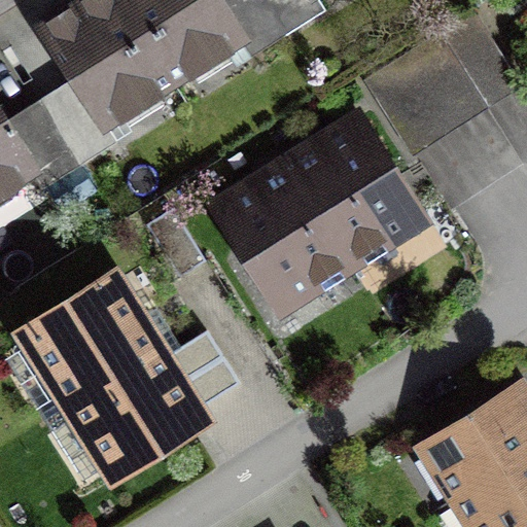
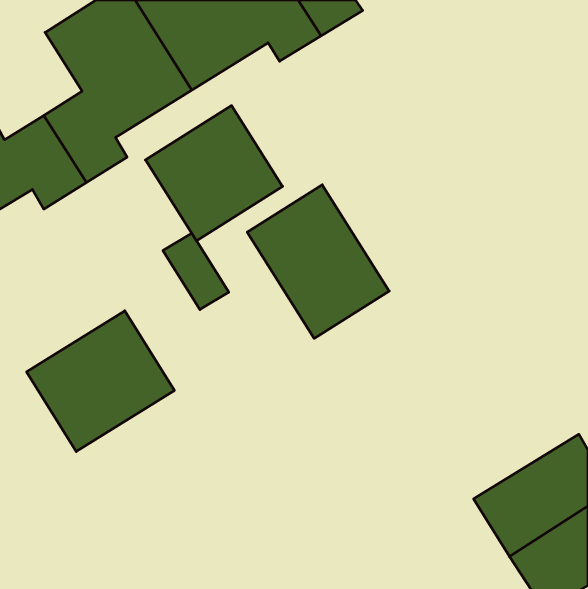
building: none -> [145,106,283,241]
building: [287,124,415,260] -> none
building: [68,331,238,473] -> none

